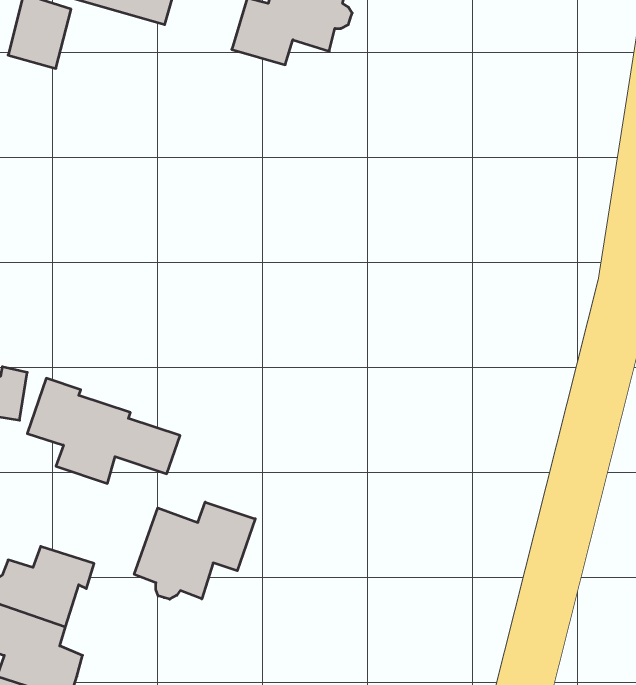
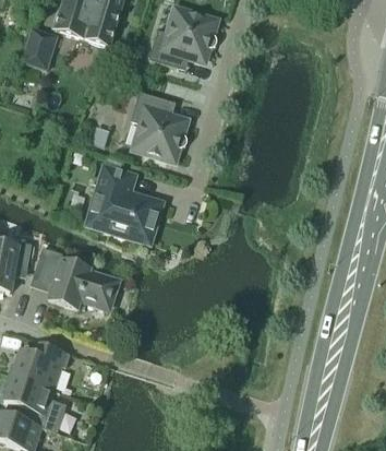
building: none -> [130,92,186,161]
building: none -> [87,167,160,242]
building: [134,502,255,599] -> none

